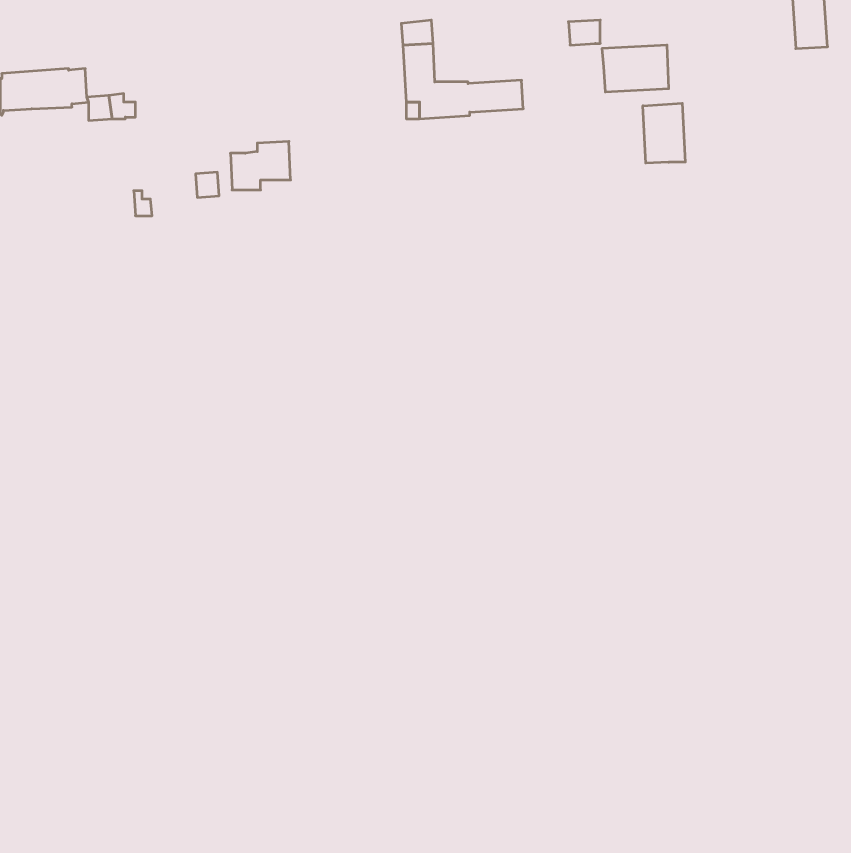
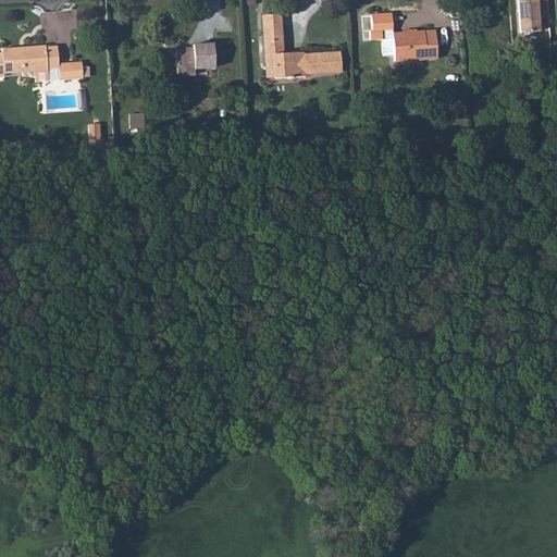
building: [643,103,685,163] -> none
building: [230,141,291,190] -> [176,42,215,74]

